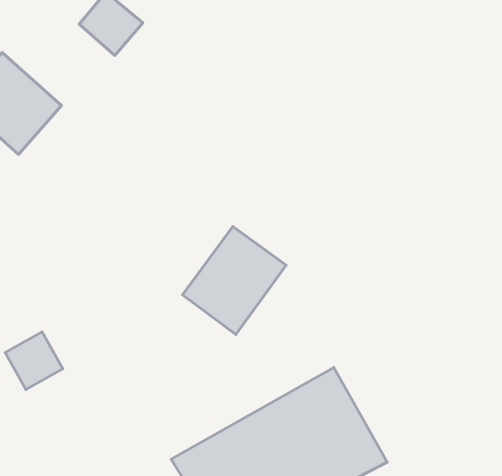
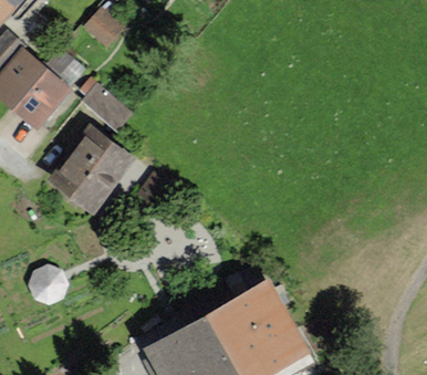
building: none -> [79,77,129,125]
building: [183,227,286,335] -> [49,128,126,209]

